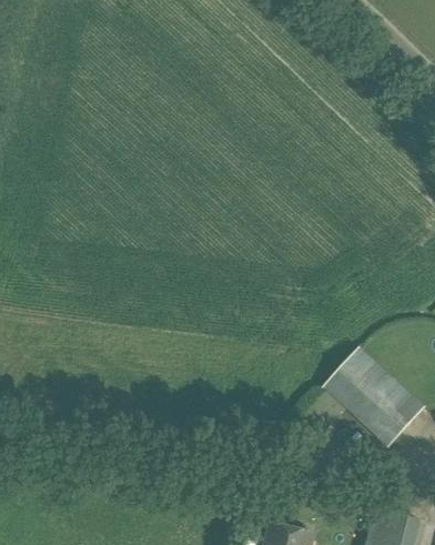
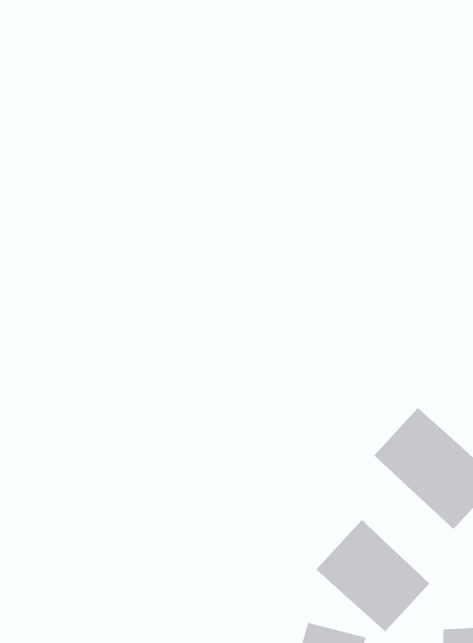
building: none -> [316,519,430,632]

